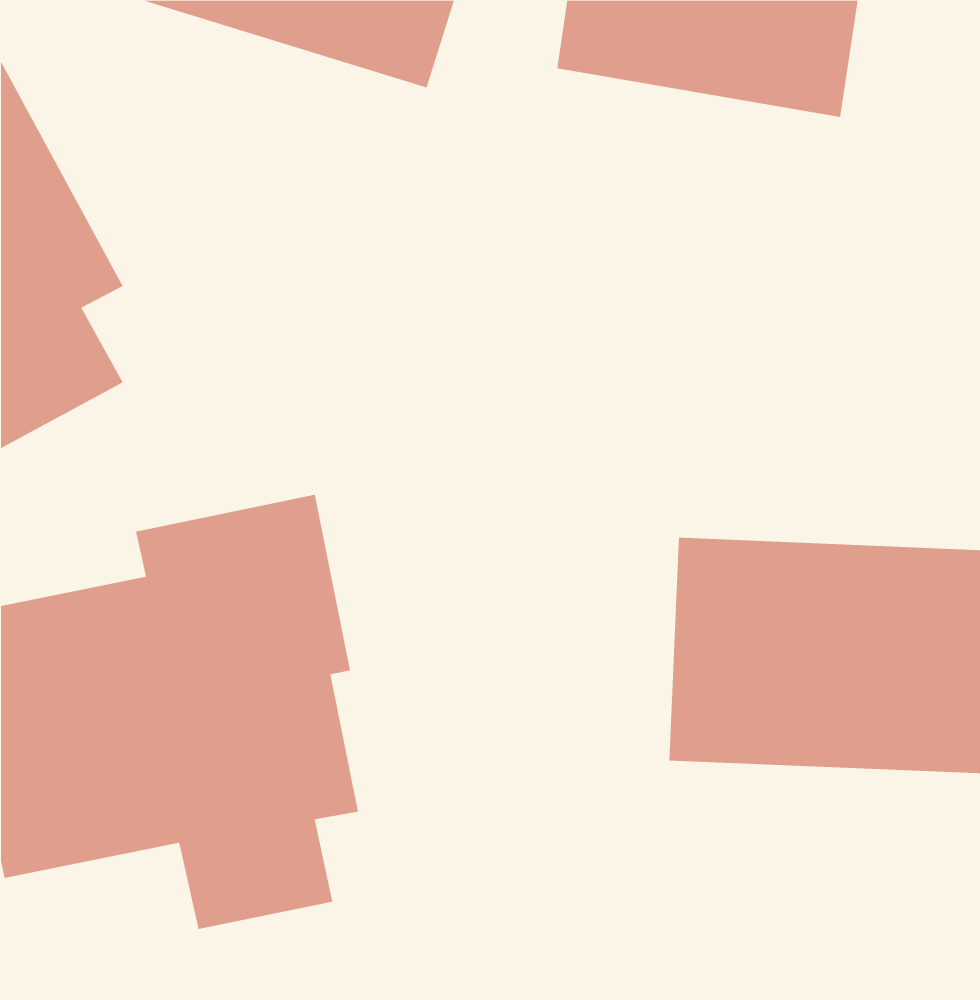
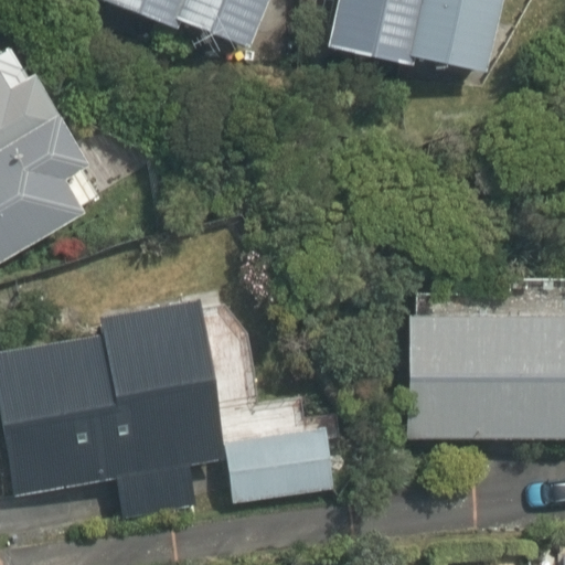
building: none -> [228,413,345,502]

